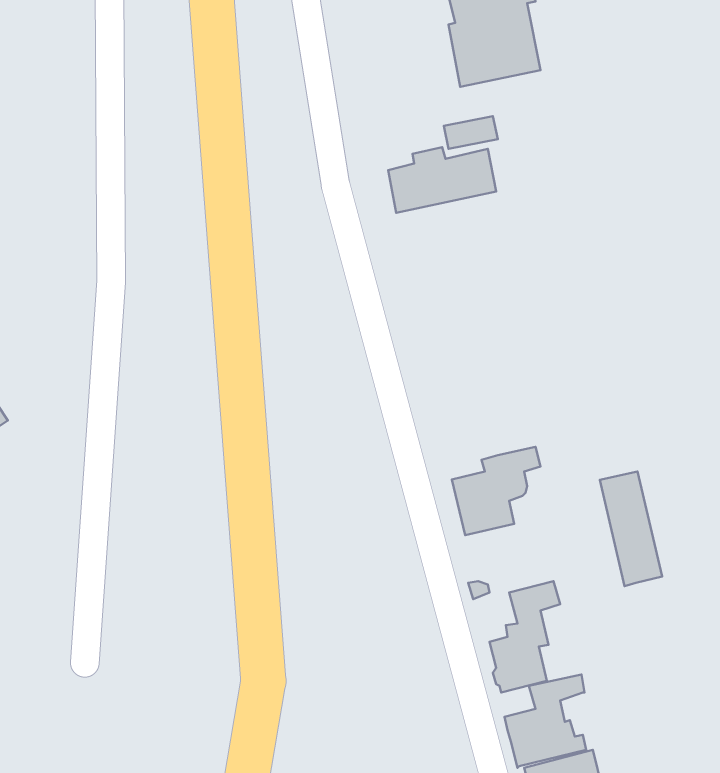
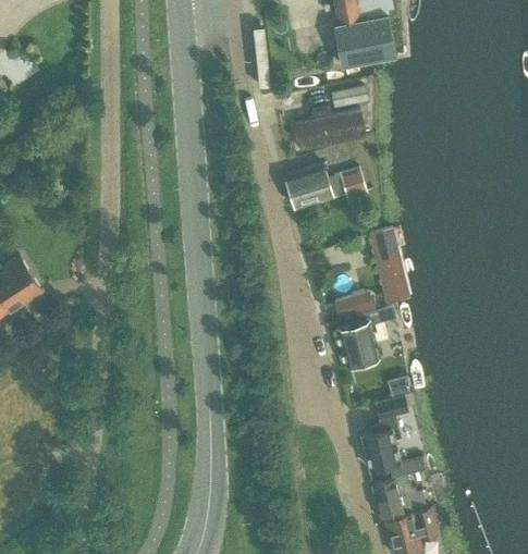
building: none -> [284,165,368,211]
building: none -> [335,293,373,320]
building: [600,472,662,586] -> [369,229,410,305]

